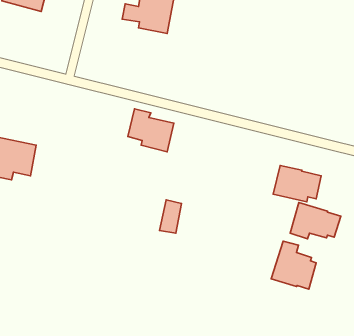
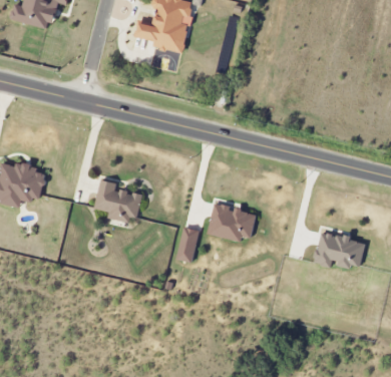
building: [128,109,174,152] -> [93,178,141,224]
building: [273,165,321,202] -> [207,203,257,241]
building: [271,241,316,289] -> none

